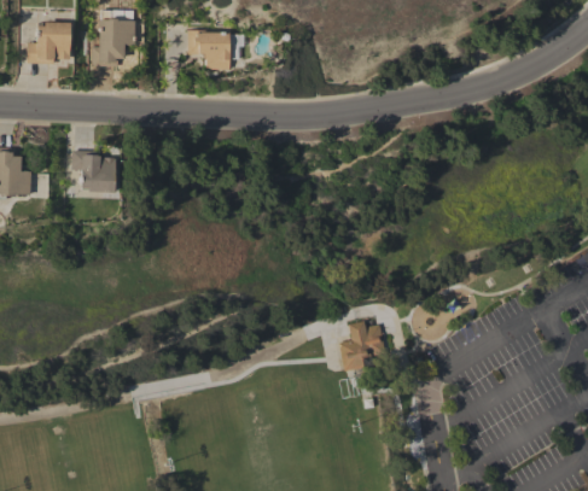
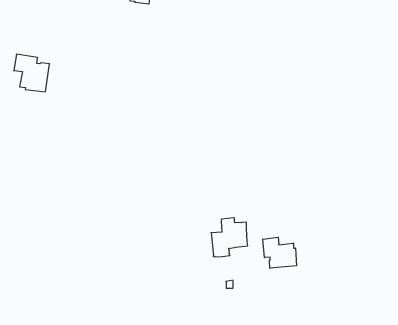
building: none -> [263,237,296,268]

